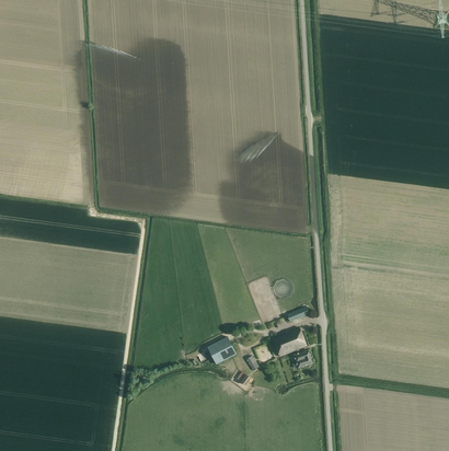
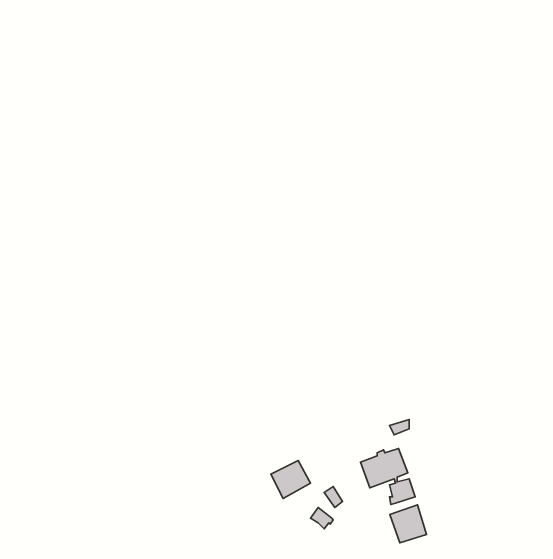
building: none -> [390,505,426,543]

